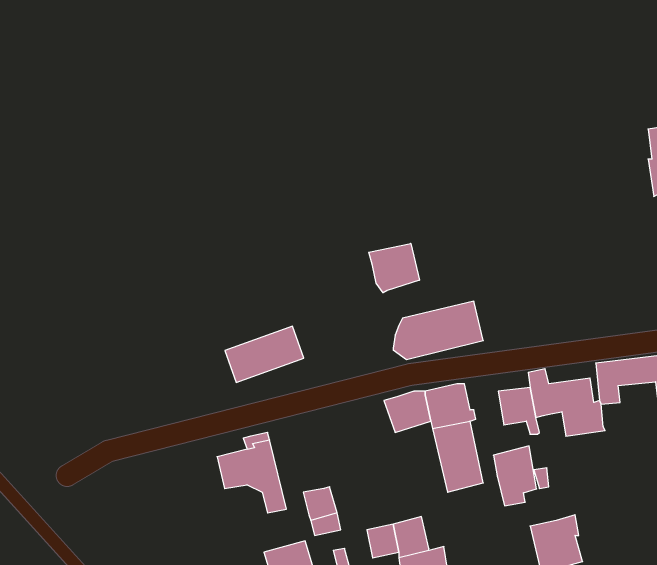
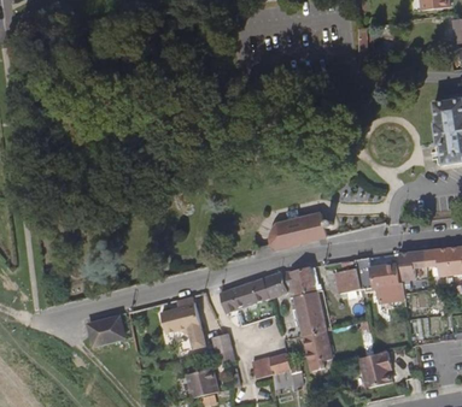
building: [369,243,419,293] -> none
building: [225,326,304,382] -> [218,277,269,313]
building: [493,446,537,506] -> [303,330,331,368]
building: none -> [88,317,123,344]

